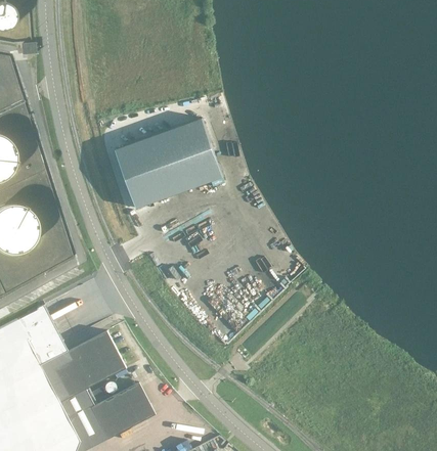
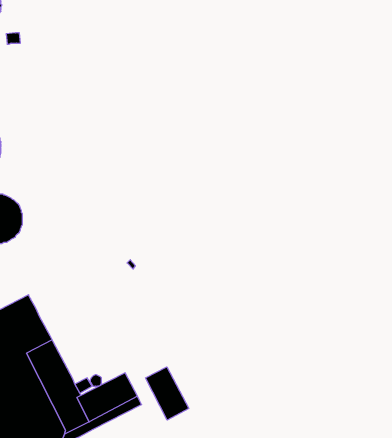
building: [114,119,222,209] -> none
building: [67,331,125,389] -> none
building: none -> [146,367,189,420]

